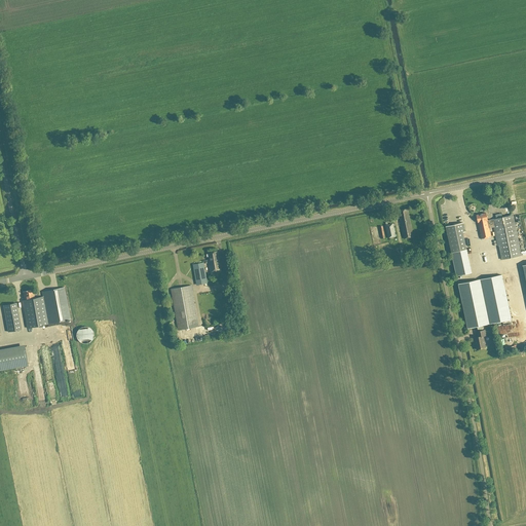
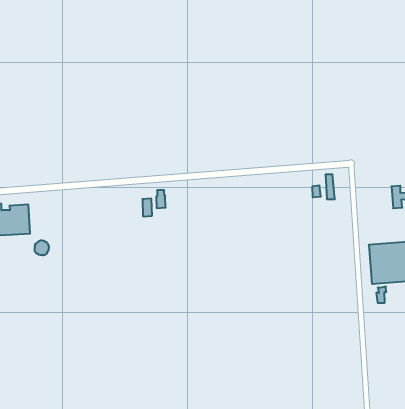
building: [444,223,471,276] -> none
building: [170,286,197,330] -> none

